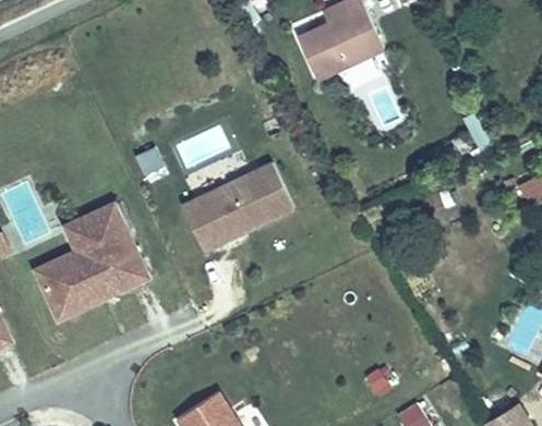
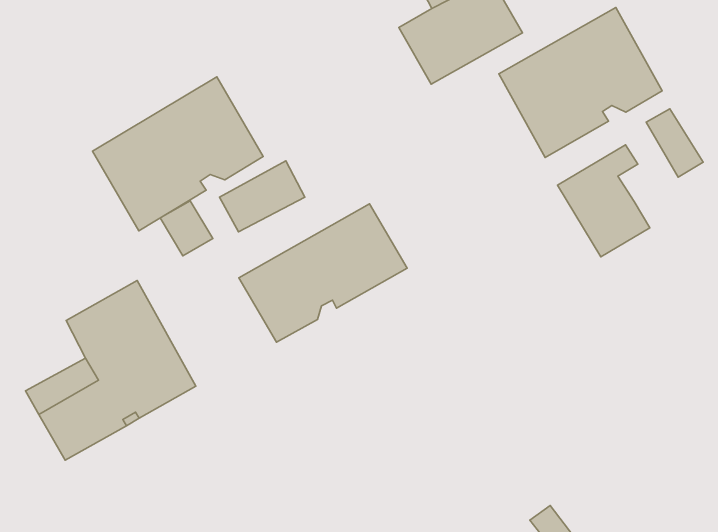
building: none -> [499,8,662,157]
building: none -> [93,77,263,231]
building: none -> [557,145,650,257]

